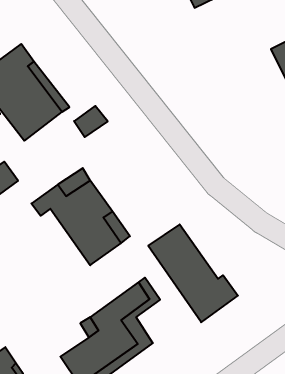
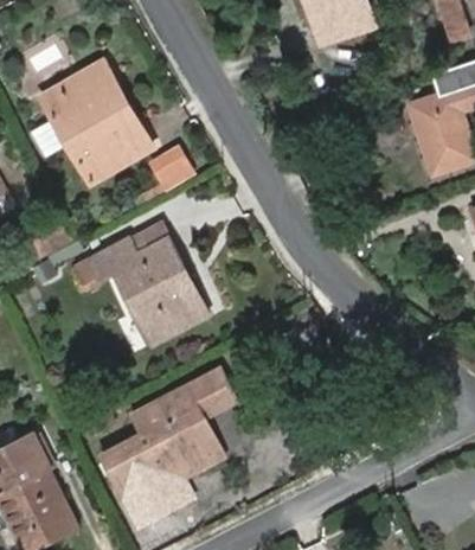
building: [148,224,238,322] -> none

